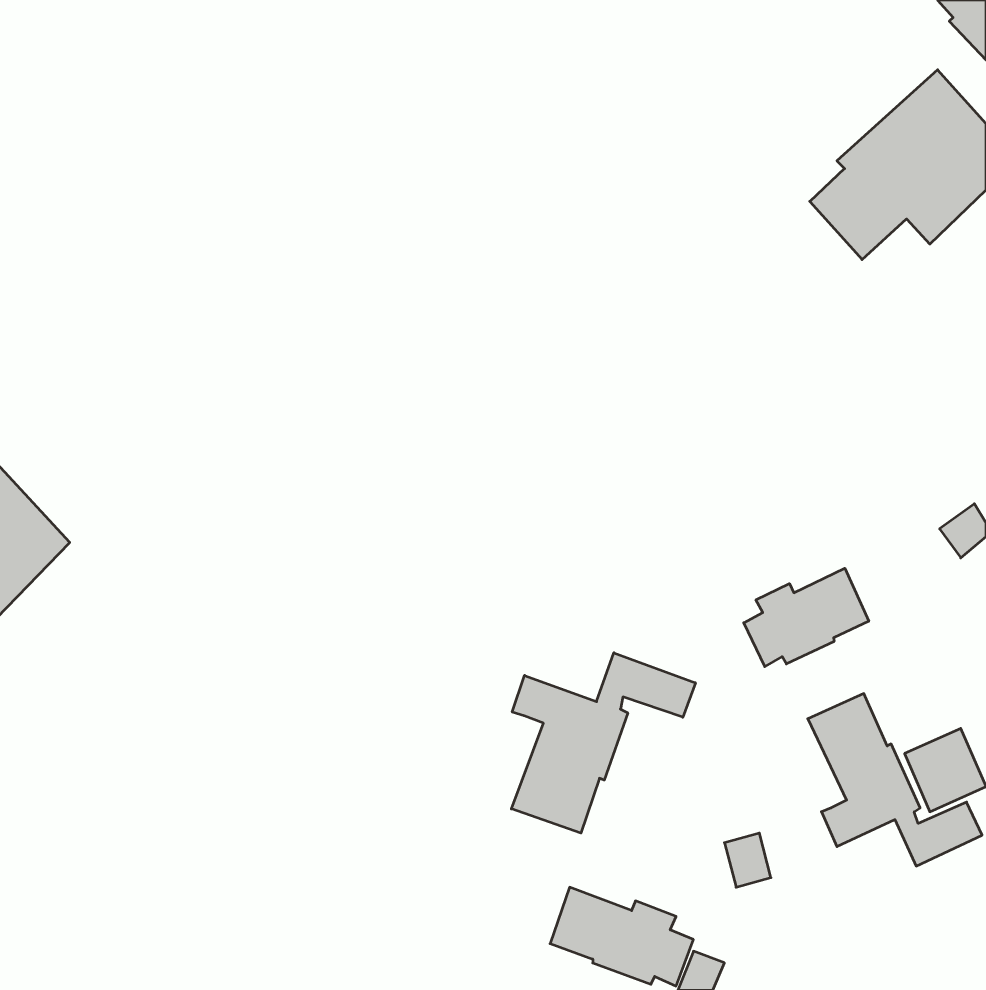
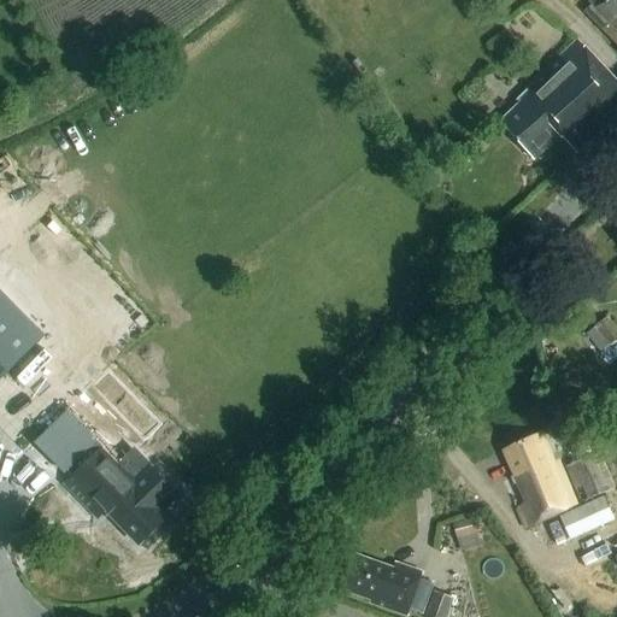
building: [744,568,869,667] -> none
building: [511,653,695,833] -> none
building: none -> [37,410,177,542]

